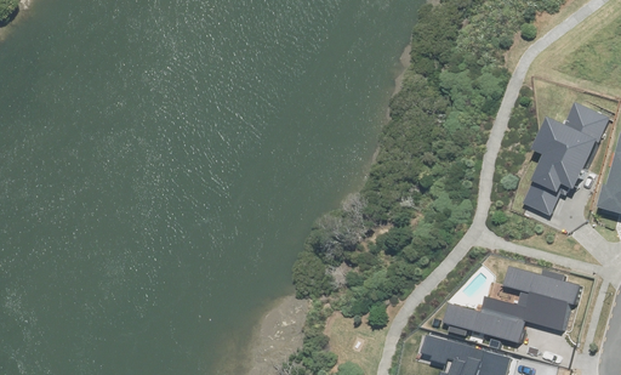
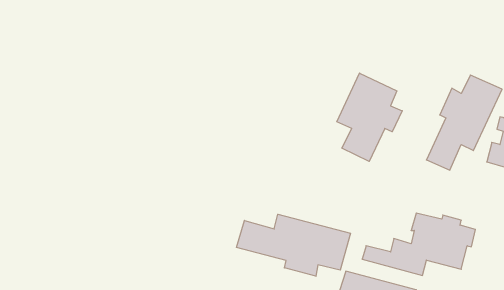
building: none -> [337,73,402,161]
building: none -> [237,214,350,276]

